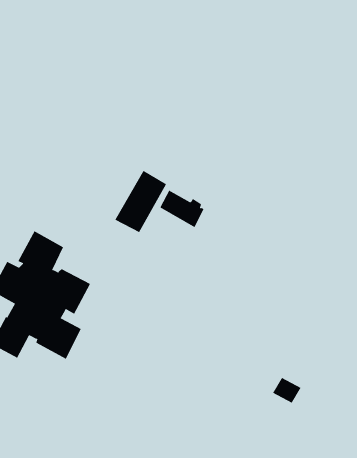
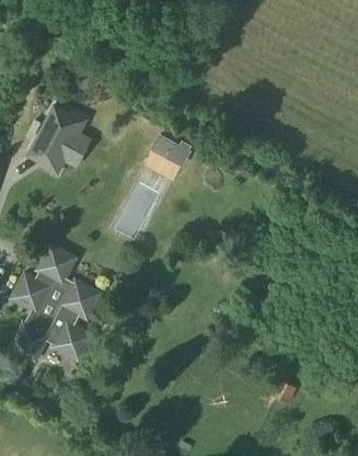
building: none -> [26,104,89,174]
building: [159,190,204,228] -> [150,133,192,168]

